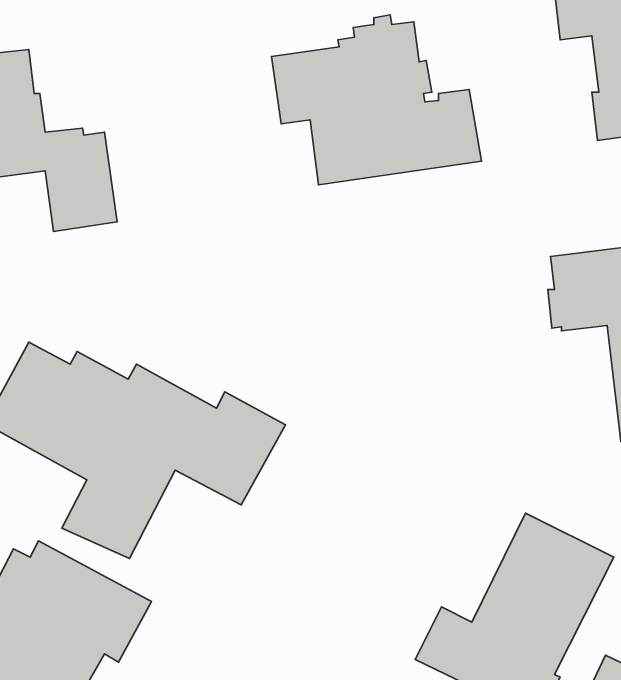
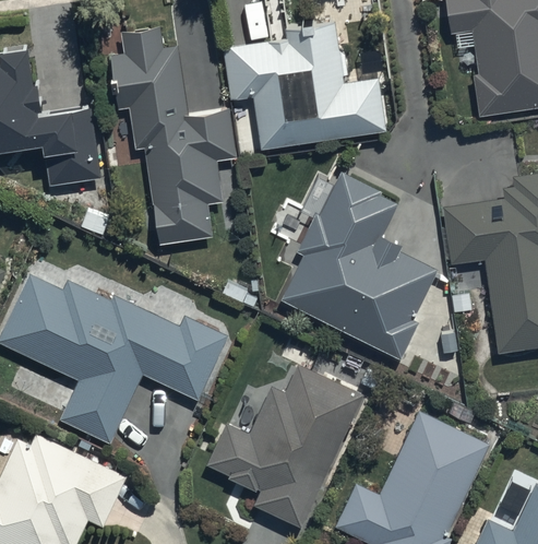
building: none -> [110,27,238,247]
building: none -> [277,172,438,359]
building: none -> [207,363,364,529]

